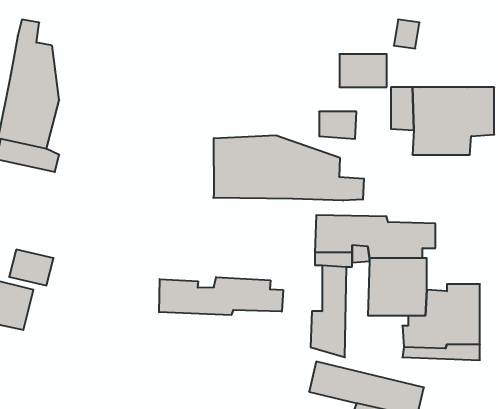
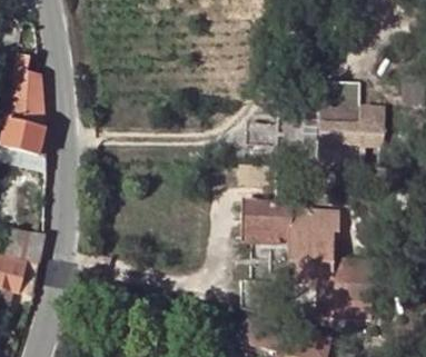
building: [339,54,387,87] -> [327,78,364,103]
building: [213,135,364,201] -> none
building: [159,277,283,315] -> none

